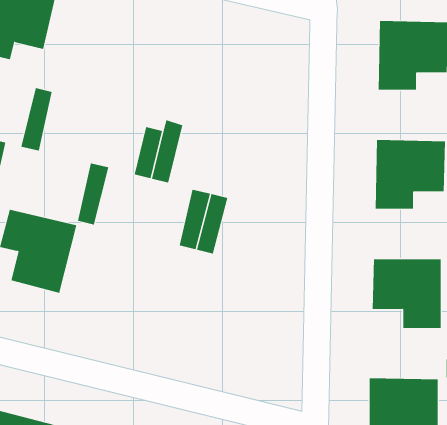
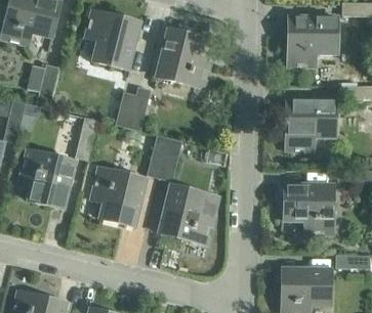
building: none -> [85,9,138,69]
building: none -> [156,29,210,88]
building: none -> [91,167,146,226]
building: none -> [158,184,217,243]

